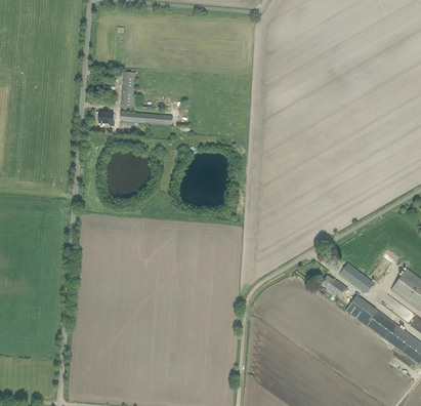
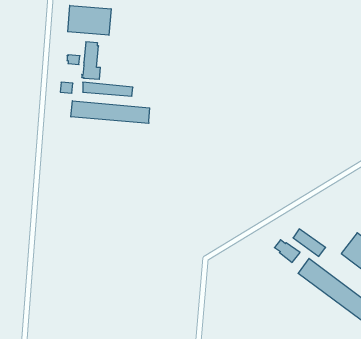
building: none -> [68,5,111,35]
building: none -> [71,101,150,123]

